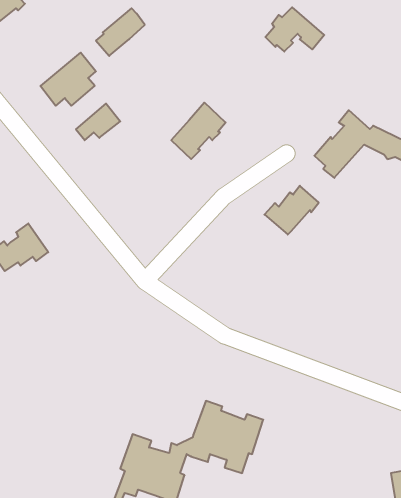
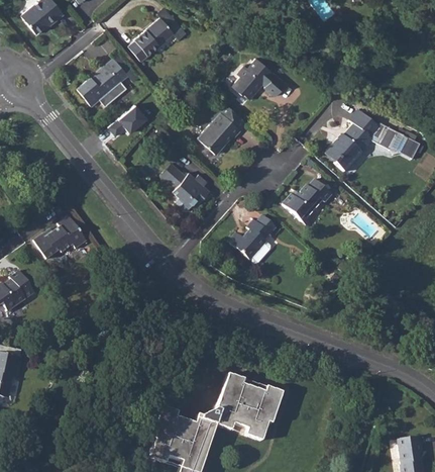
building: [265,7,324,52] -> [233,58,287,98]
building: none -> [171,171,210,211]
building: none -> [233,221,271,265]

